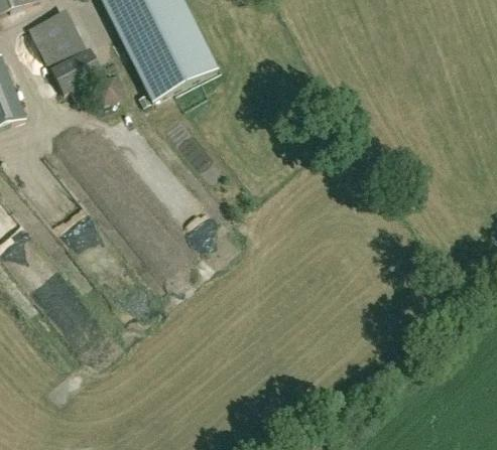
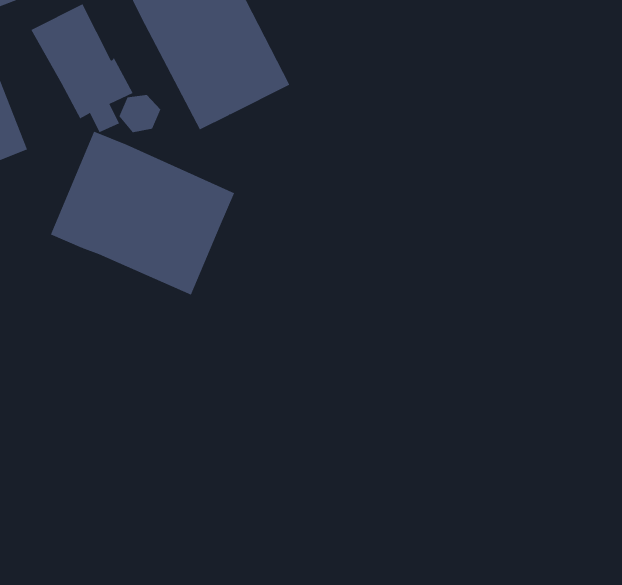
building: none -> [50,131,235,295]

